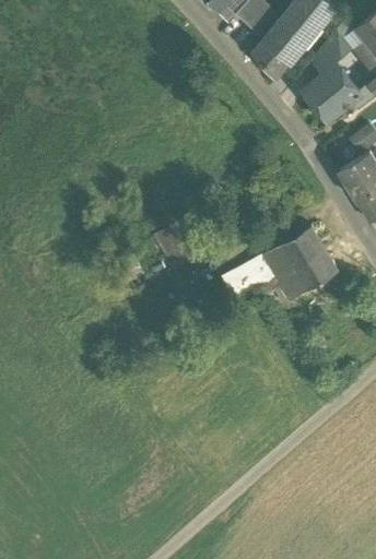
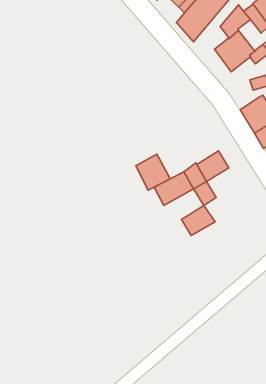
building: none -> [136,154,170,190]
building: [293,249,339,289] -> [181,206,215,236]

